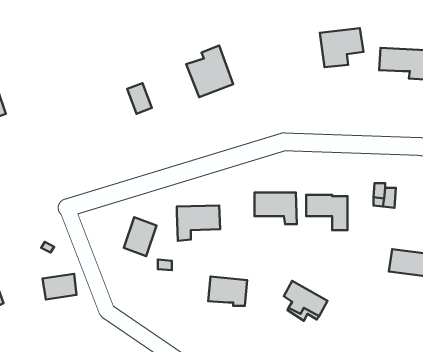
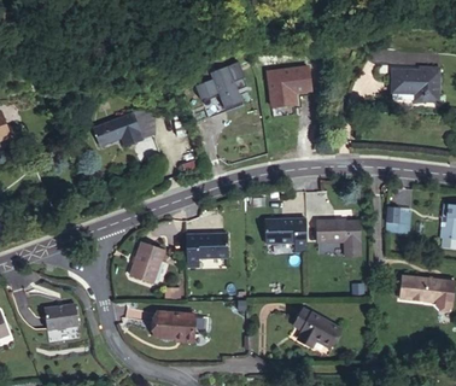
building: [320,28,363,67] -> [265,62,310,101]
building: none -> [94,112,142,146]
building: [208,276,247,306] -> [156,311,195,341]

